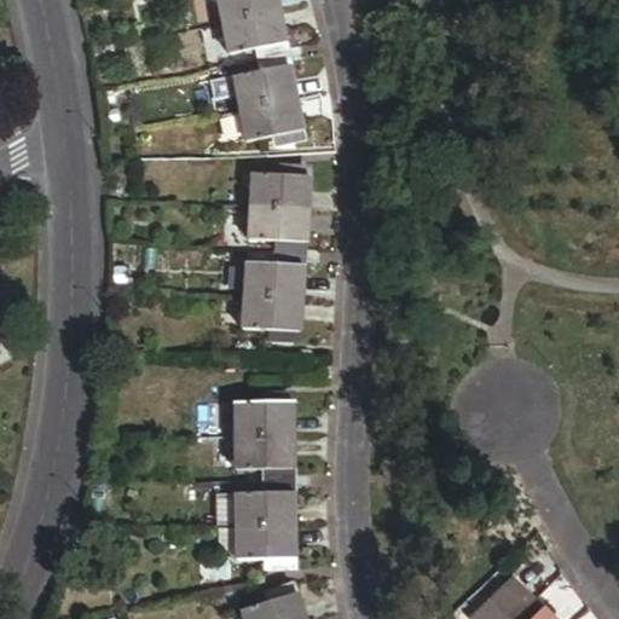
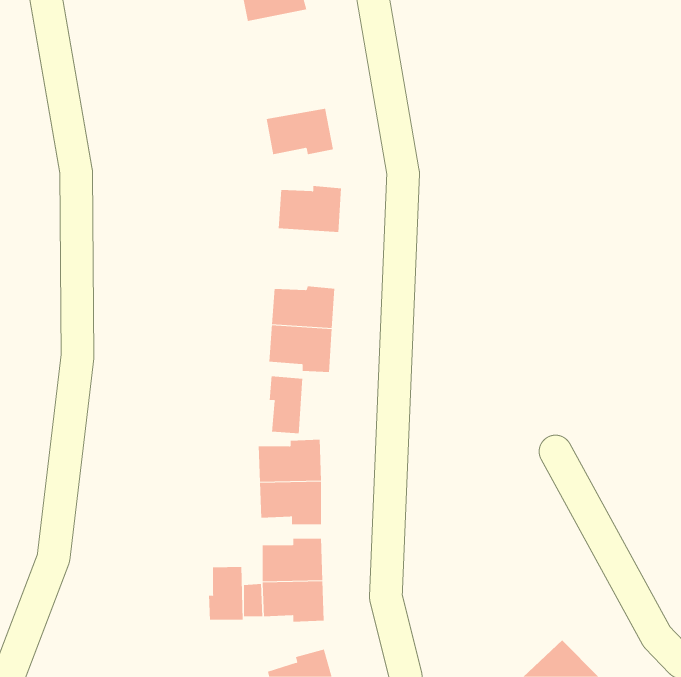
building: [224,8,285,53] -> none
building: [235,60,295,108] -> none
building: [249,207,307,254] -> none
building: none -> [269,376,303,434]
building: none -> [209,566,243,621]

